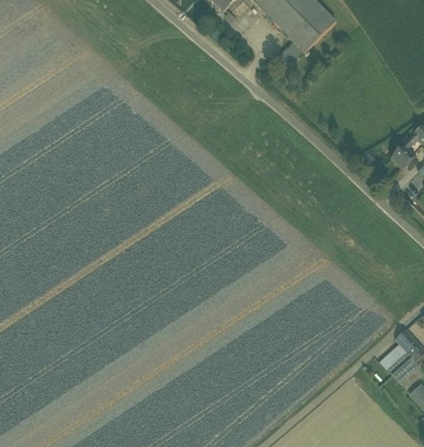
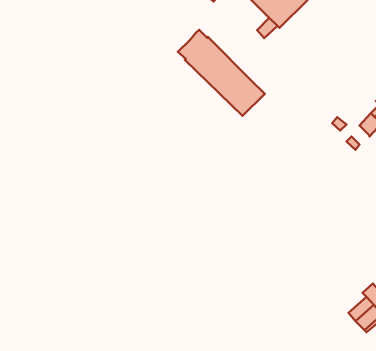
building: none -> [178,30,265,116]

